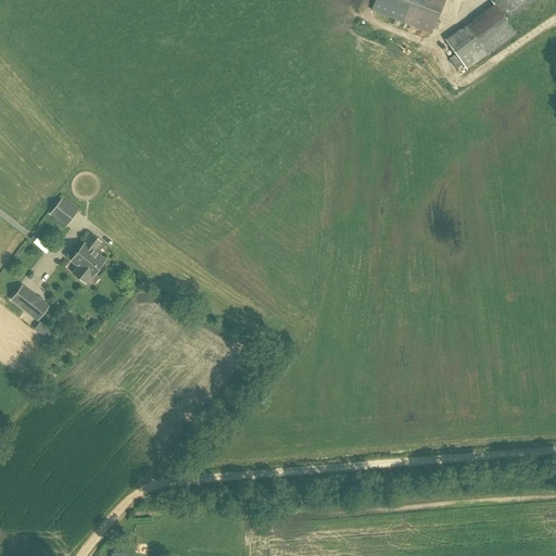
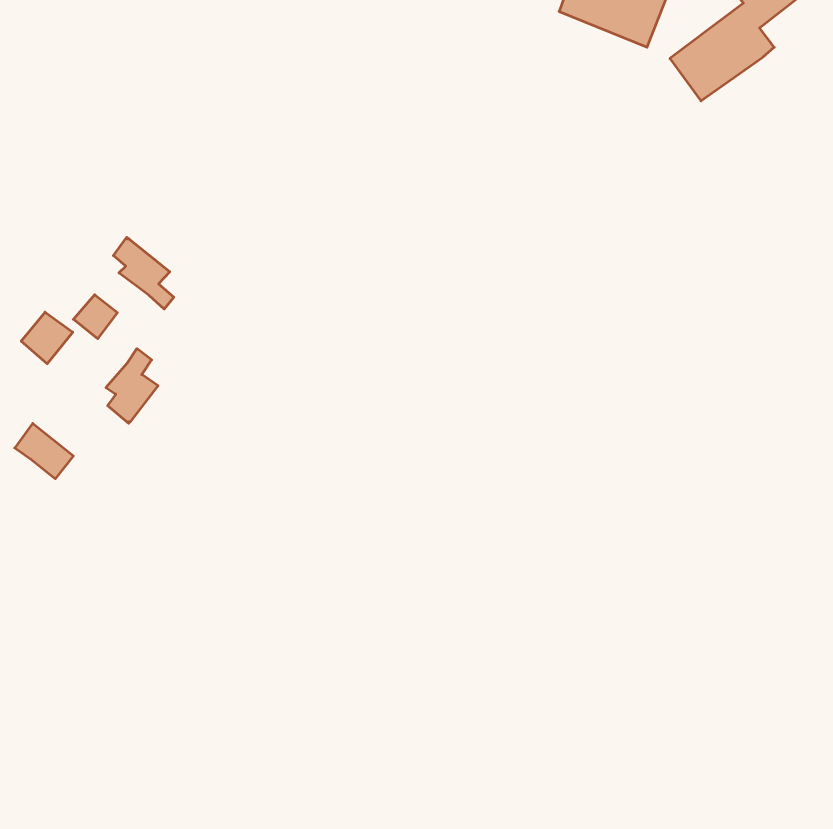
building: none -> [113,237,174,309]
building: none -> [21,312,73,364]

